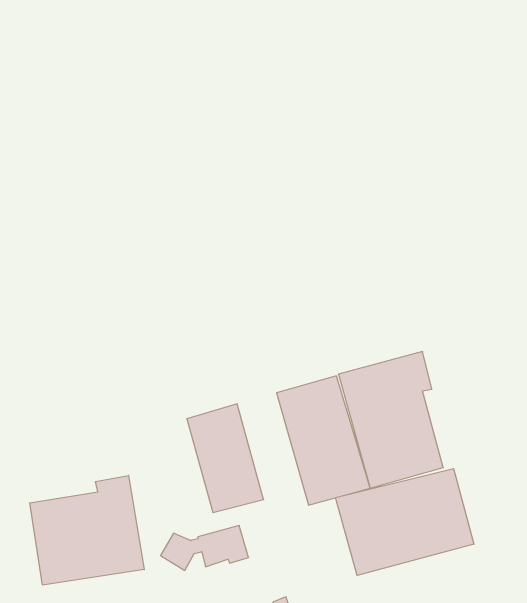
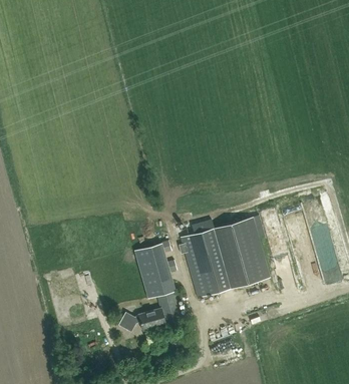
building: [336,469,474,575] -> none
building: [30,475,144,585] -> none

